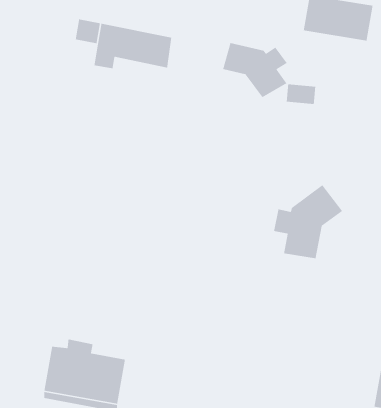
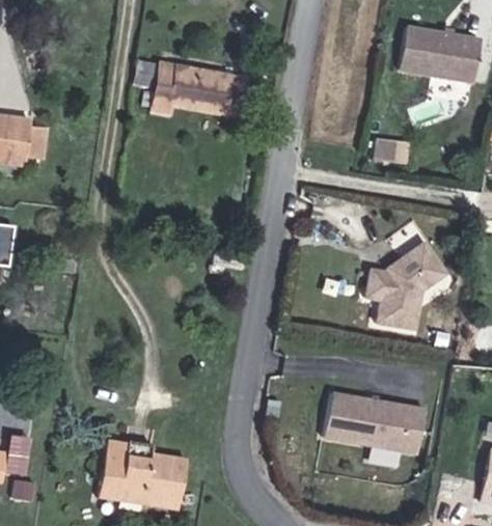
building: [222,42,288,98] -> none
building: none -> [321,399,422,460]

